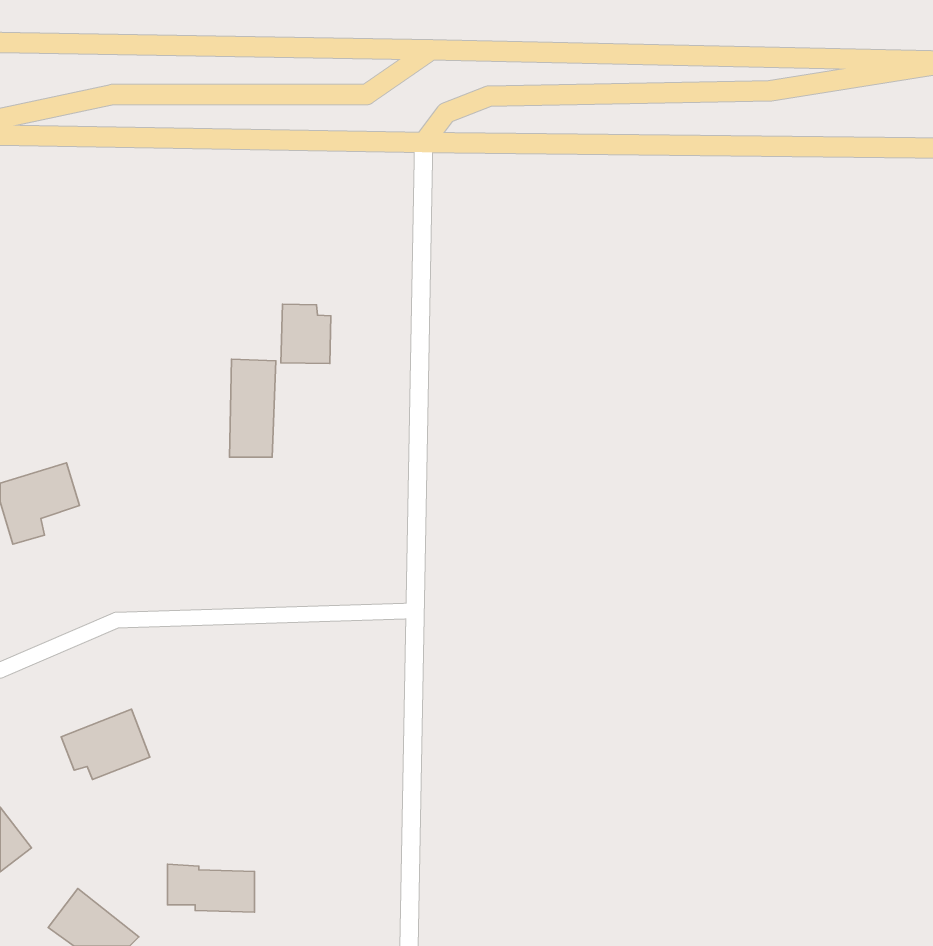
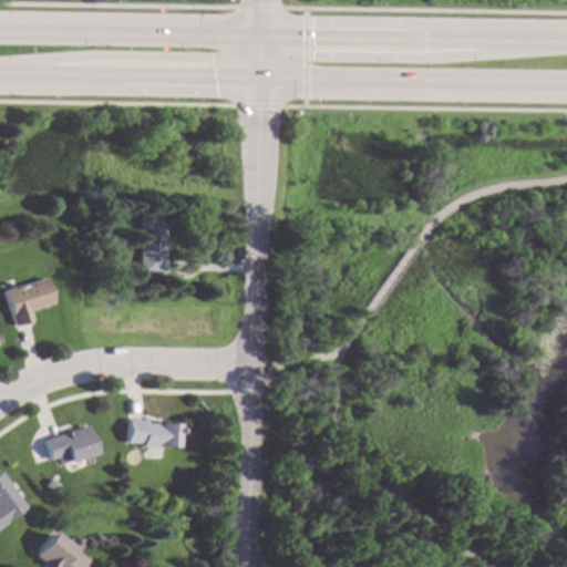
building: [281,304,331,364] -> none
building: [167,864,254,912] -> [130,419,182,447]

